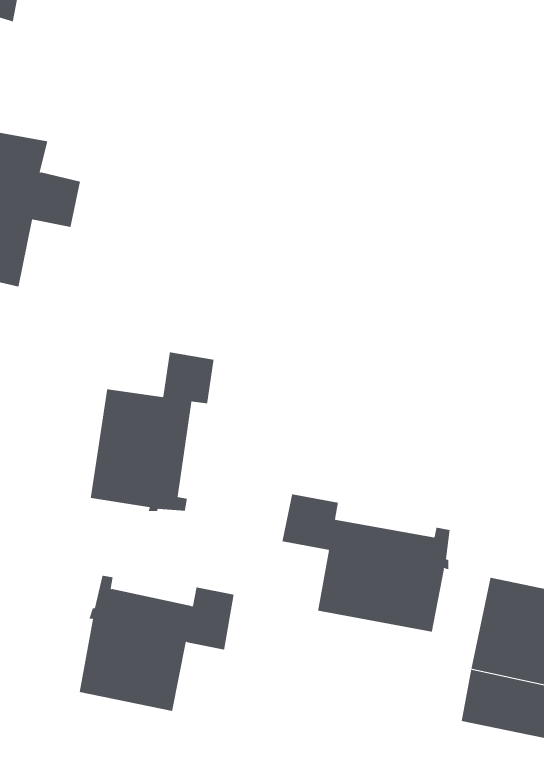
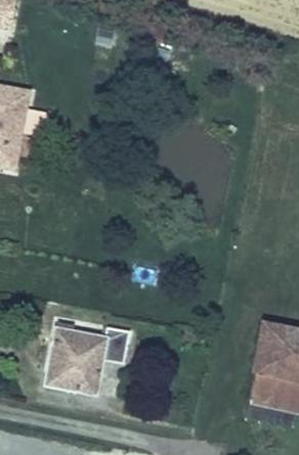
building: [90,352,214,512] -> none
building: [282,493,450,632] -> none

